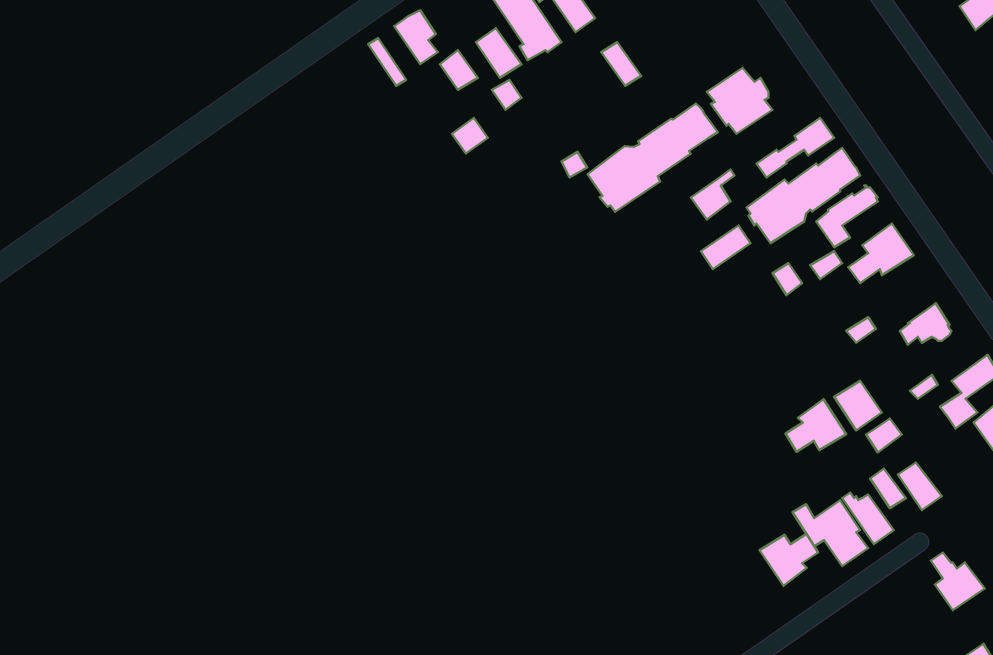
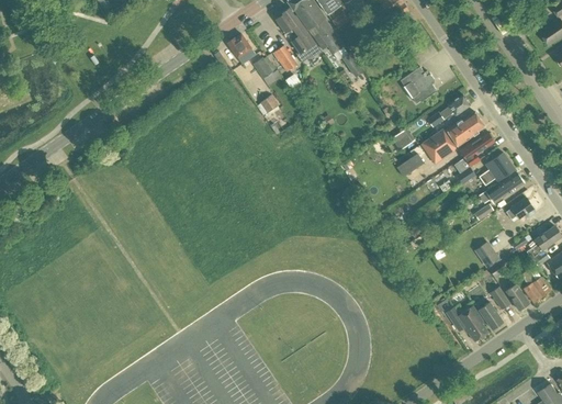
building: [587,103,718,212] -> none
building: none -> [485,172,524,201]
building: [785,399,846,452] -> none
building: [760,534,818,586] -> none
building: [931,552,985,610] -> [521,271,551,303]

